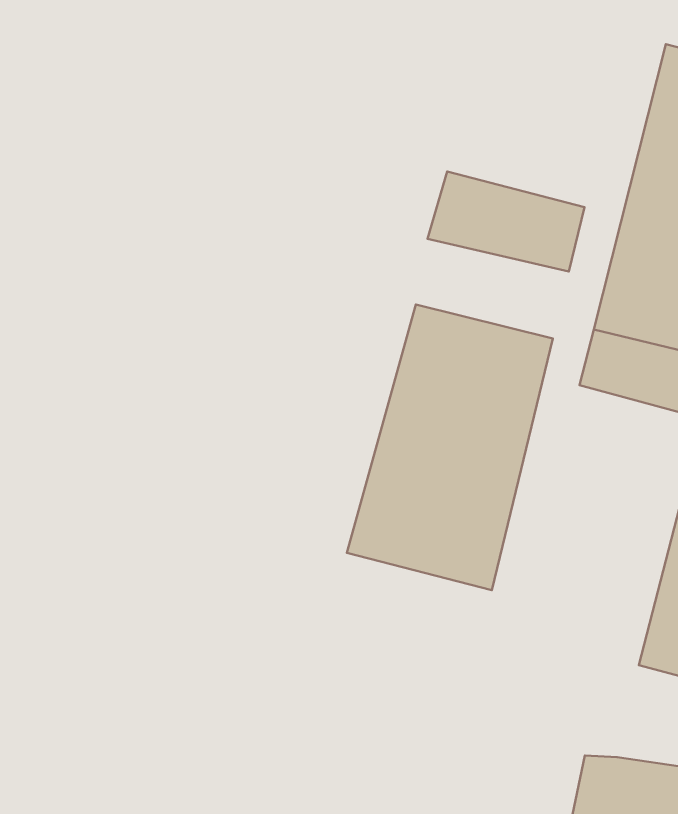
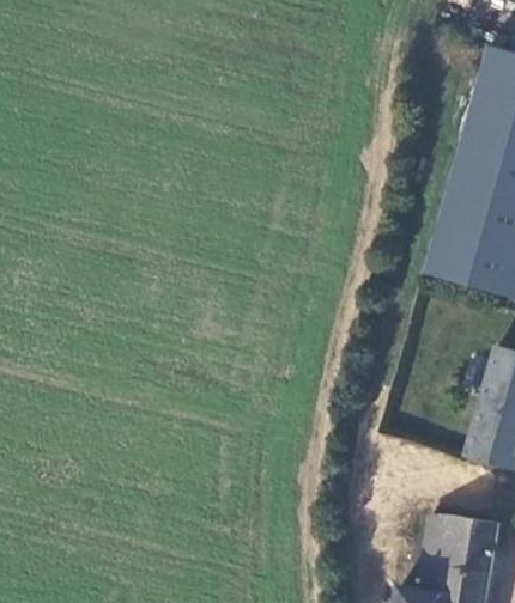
building: [428,172,584,272] -> none
building: [347,305,553,590] -> none

